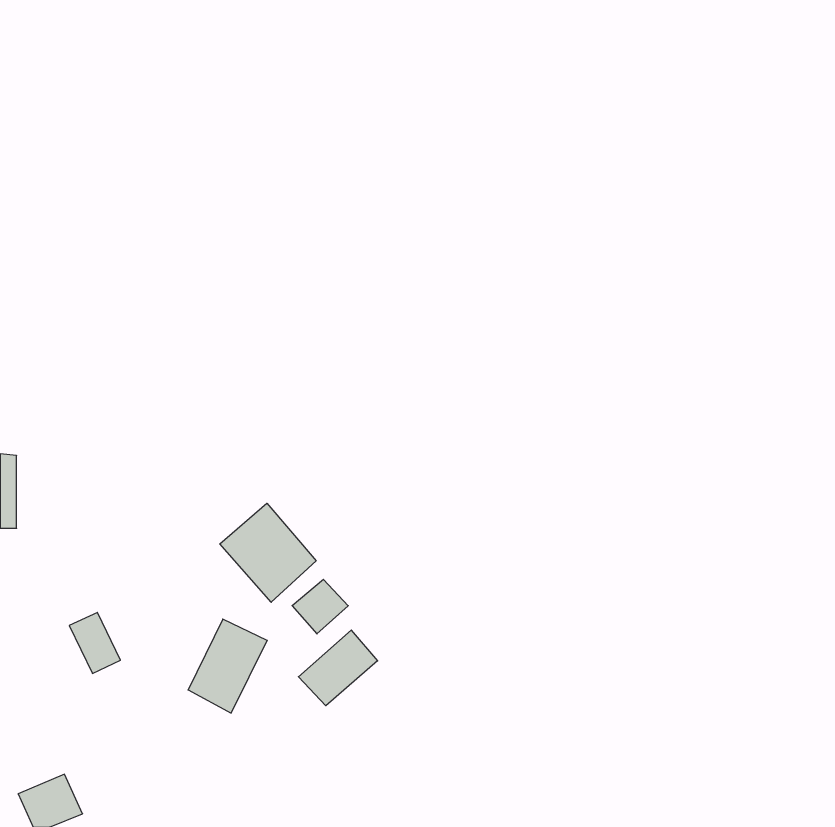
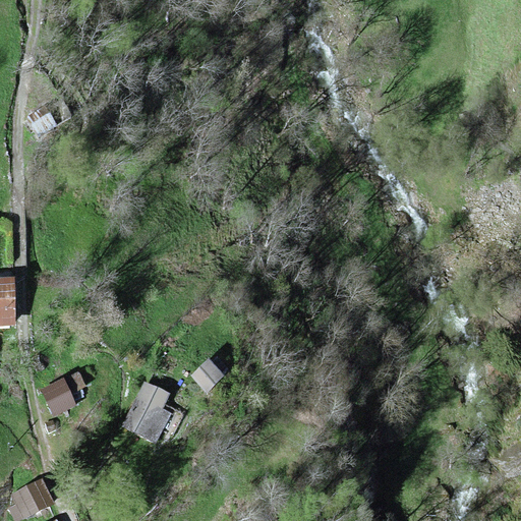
building: [220,503,316,602] -> none
building: [298,630,378,706] -> none

